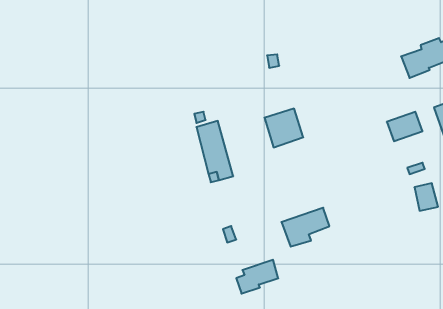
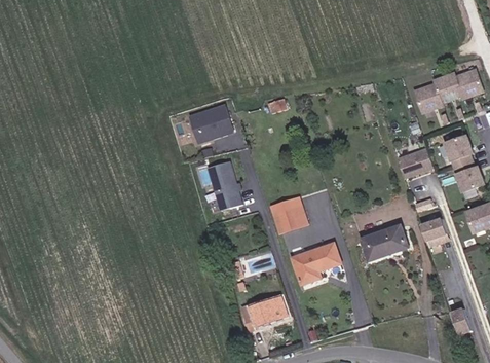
building: none -> [190,105,232,142]
building: [264,109,303,147] -> [272,195,311,234]
building: none -> [361,227,407,261]

